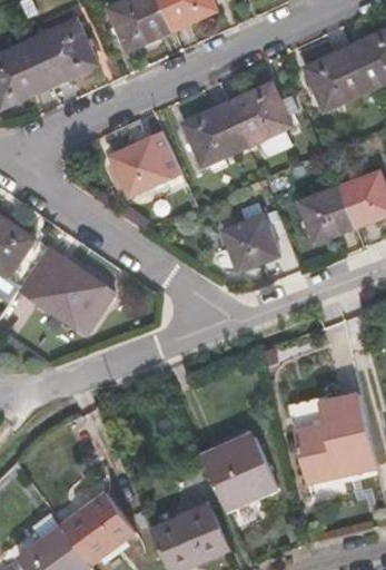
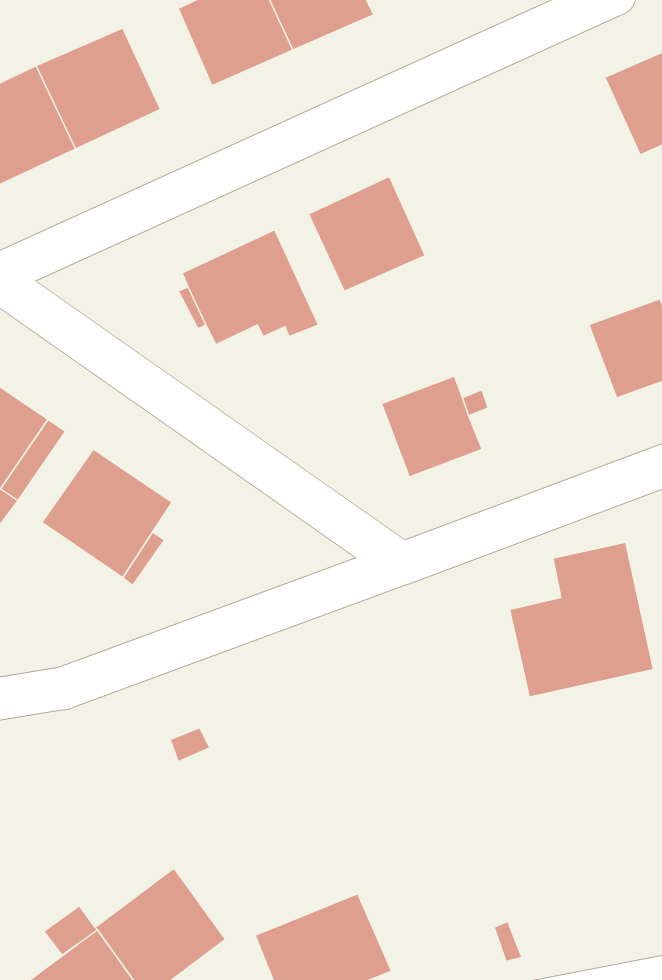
building: [303,46,367,109] -> none
building: [226,81,291,146] -> none
building: [298,185,354,242] -> none
building: [294,394,375,481] -> [509,543,654,697]
building: [202,436,276,510] -> none

